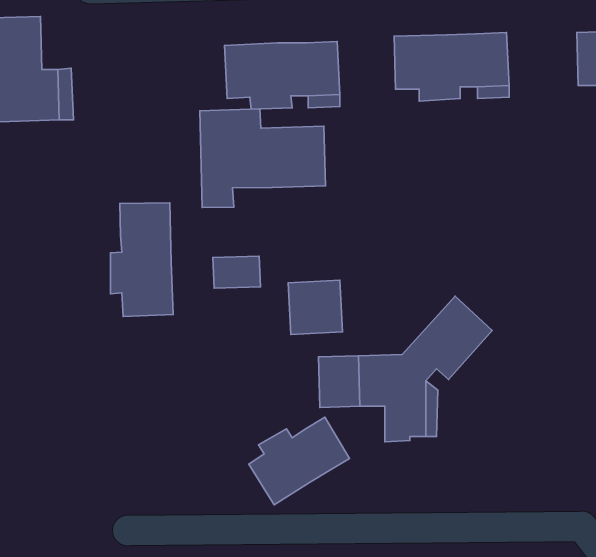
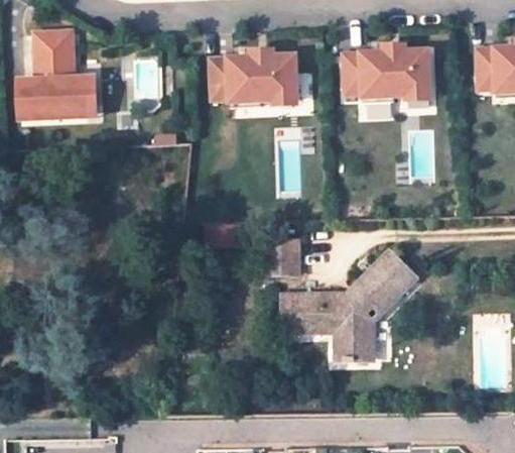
building: [200,109,326,207] -> none
building: [110,203,173,317] -> none
building: [249,417,349,505] -> none

